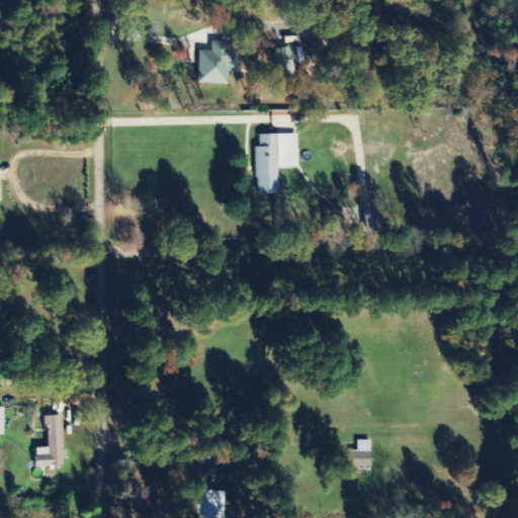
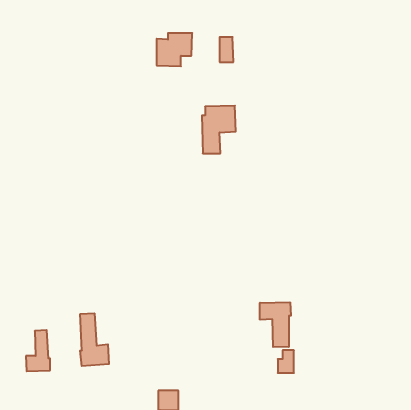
building: none -> [260,302,291,347]
building: none -> [80,313,109,366]

